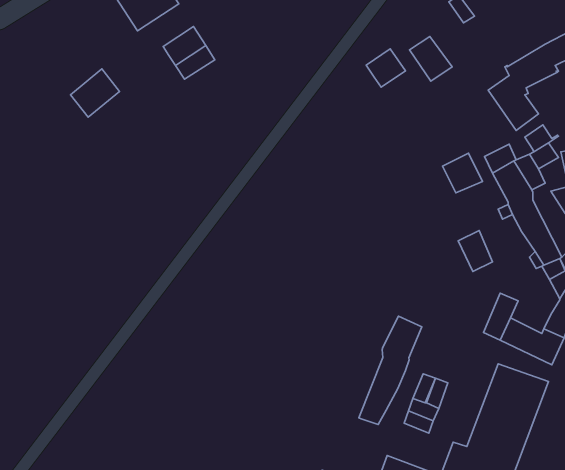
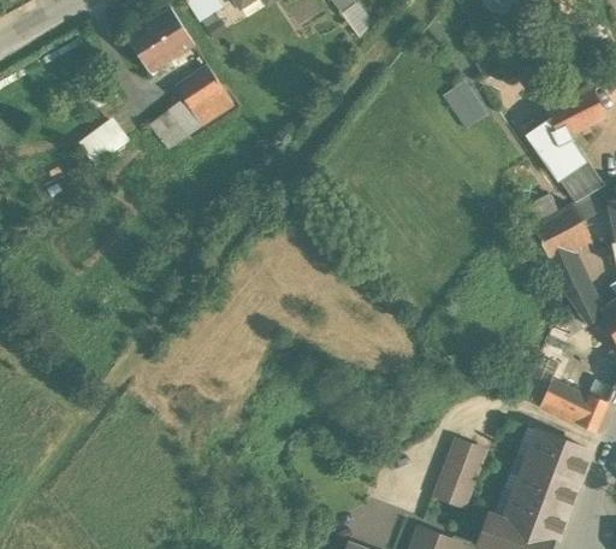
building: [366,49,405,87] -> none
building: none -> [150,100,201,149]
building: [442,153,483,193] -> none
building: [458,231,493,271] -> none
building: [359,316,422,424] -> none

